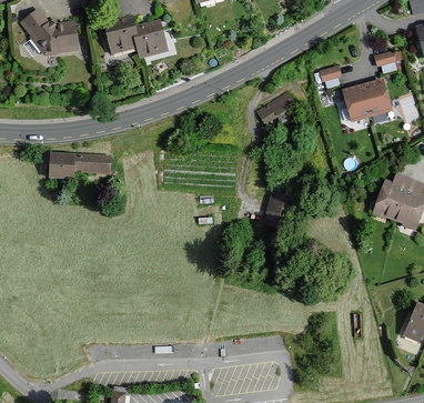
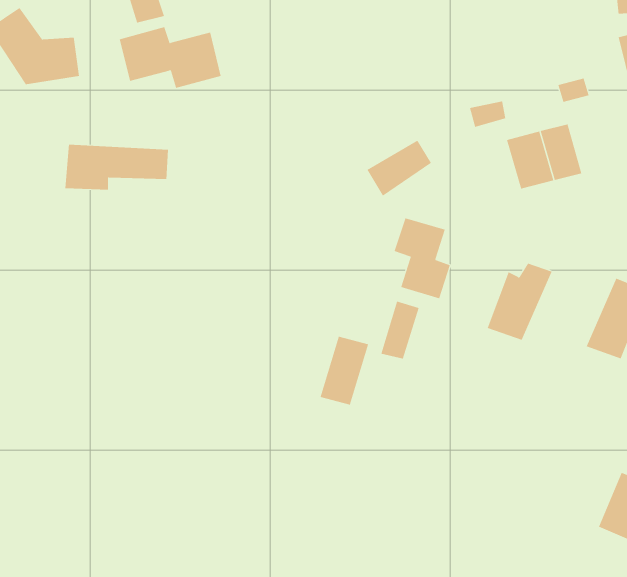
building: none -> [394,217,450,299]
building: [48,152,113,181] -> [65,144,169,190]
building: [371,171,412,220] -> [487,263,552,341]
building: none -> [320,336,369,405]

